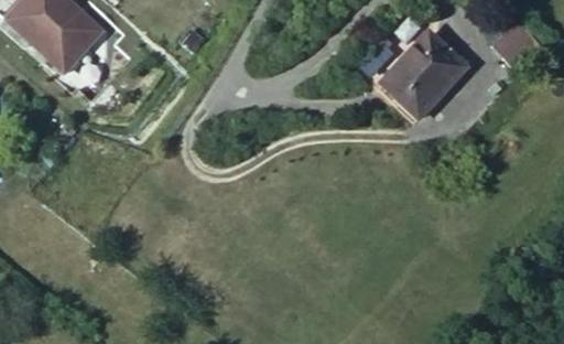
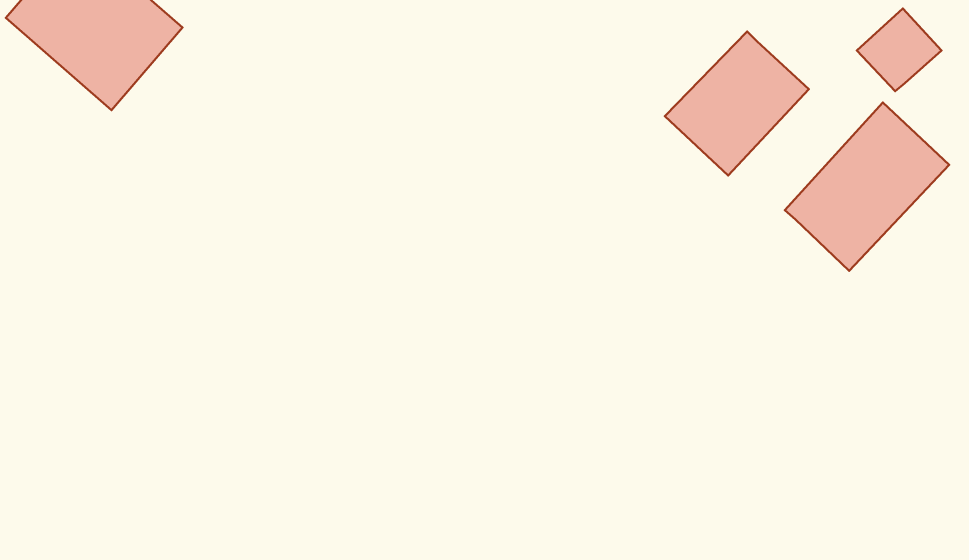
building: none -> [785,102,949,271]

